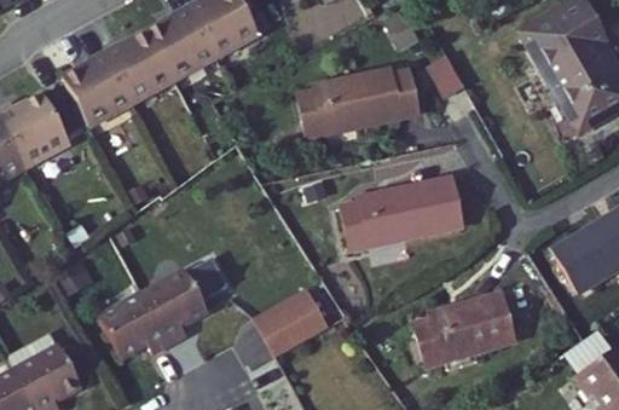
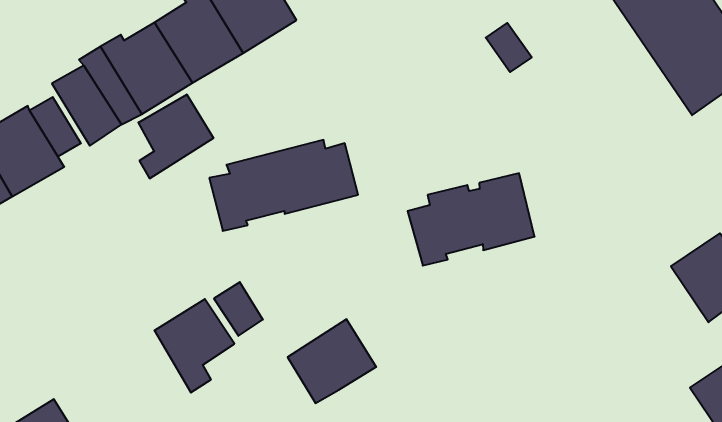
building: [293,65,412,134] -> [209,140,358,231]
building: none -> [138,94,213,179]
building: [92,287,164,351] -> none
building: [404,295,502,360] -> none

